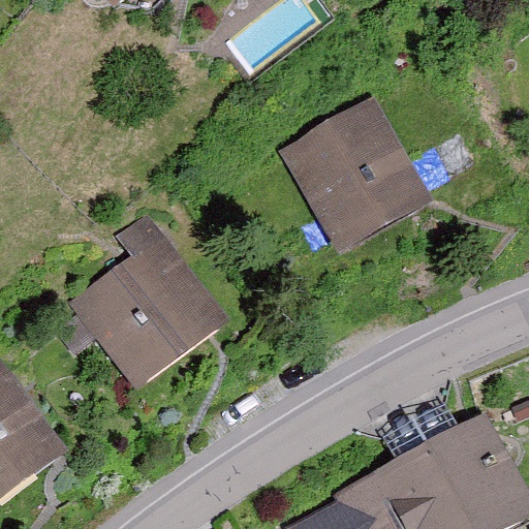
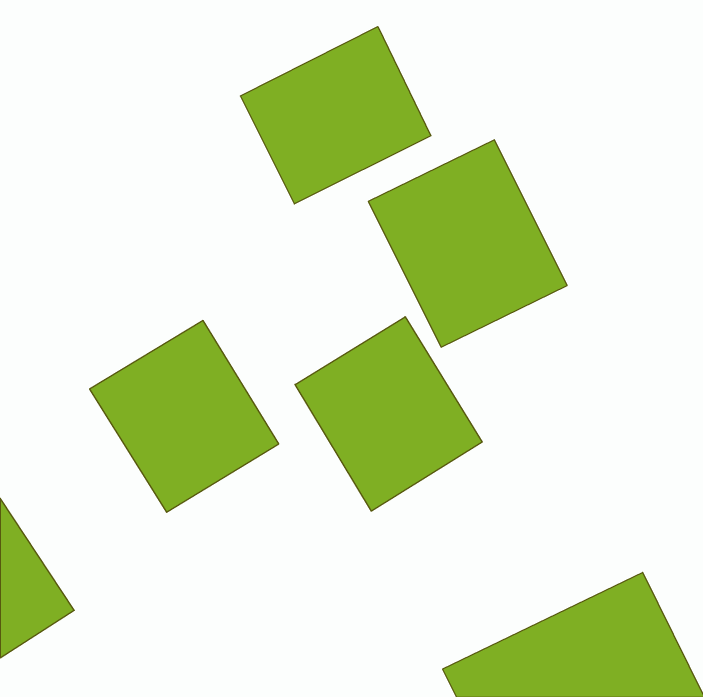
building: none -> [240,27,431,204]
building: none -> [295,317,482,511]

